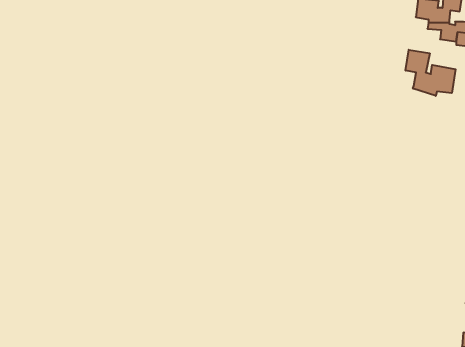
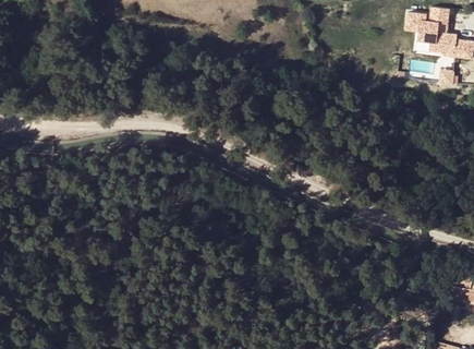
building: [406,50,456,96] -> none

